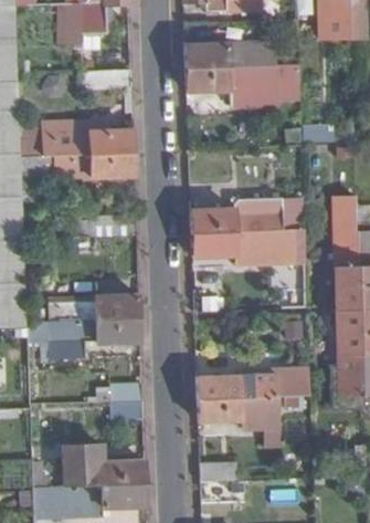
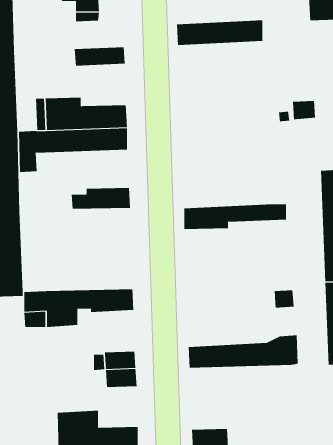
building: [186,64,299,107] -> none
building: [191,200,284,236] -> none
building: [49,294,140,321] -> none
building: [198,397,305,433] -> none

